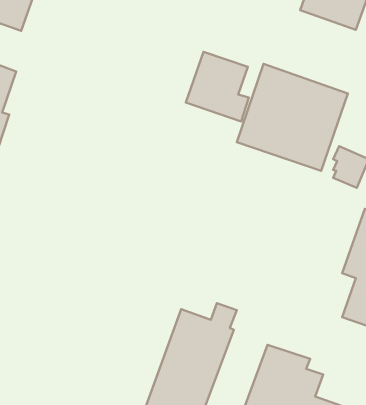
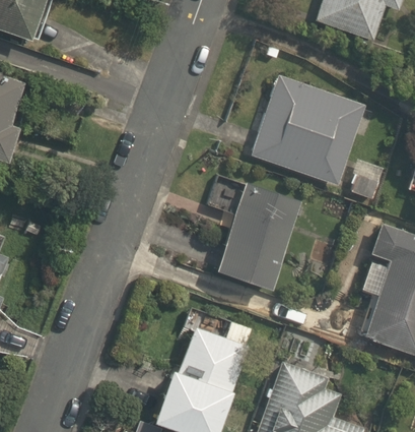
building: [186,52,249,121] -> none
building: none -> [215,183,299,289]

